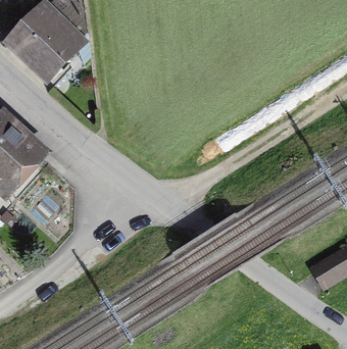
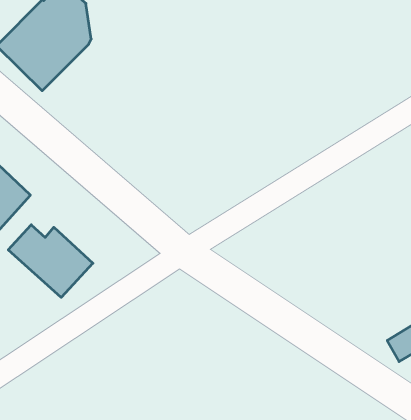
building: none -> [8,225,93,297]

